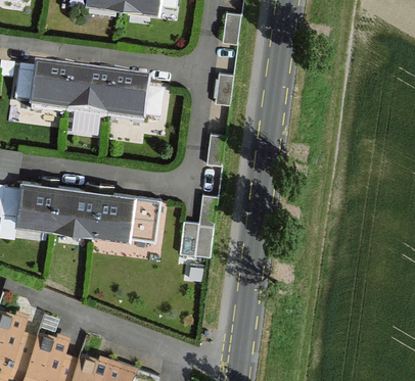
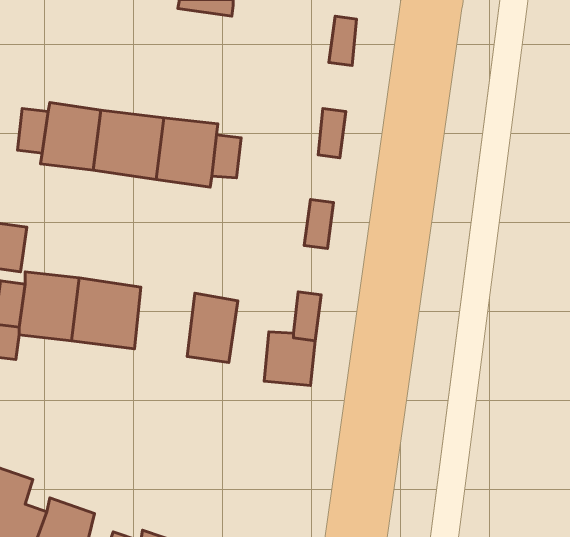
building: [93,193,133,239] -> none

